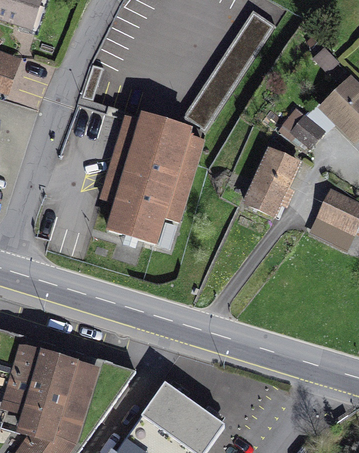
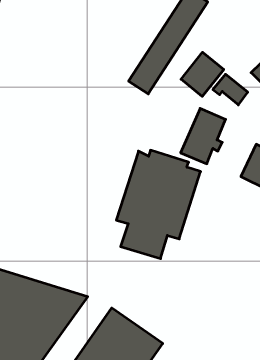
building: none -> [181,52,224,96]
building: [104,115,203,242] -> [116,150,201,259]

